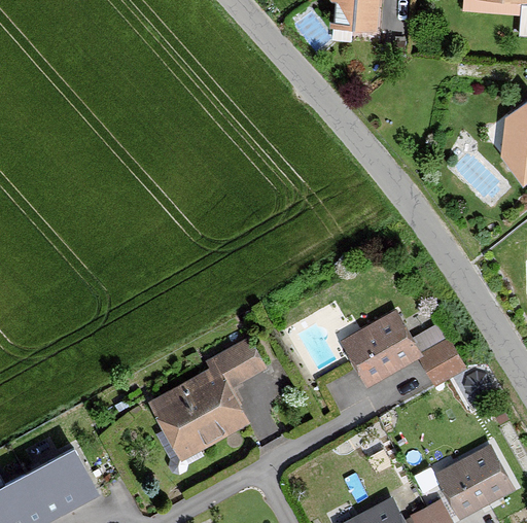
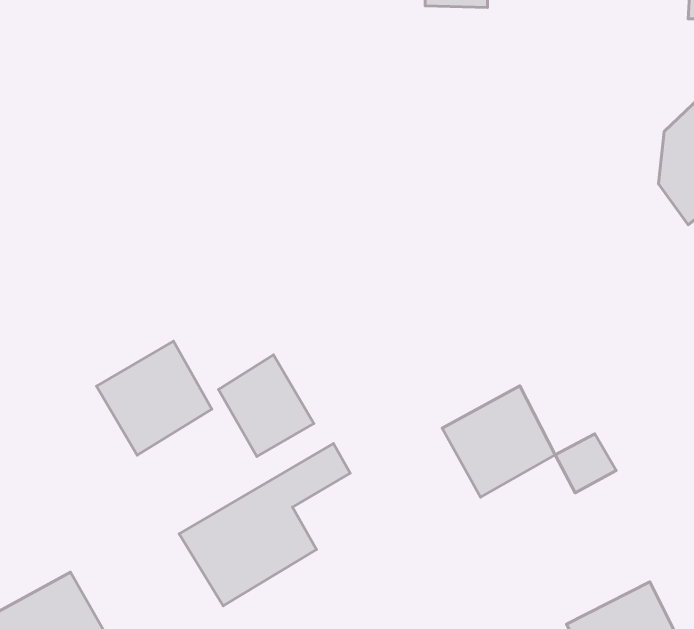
building: none -> [97,341,212,455]
building: none -> [219,355,314,457]

